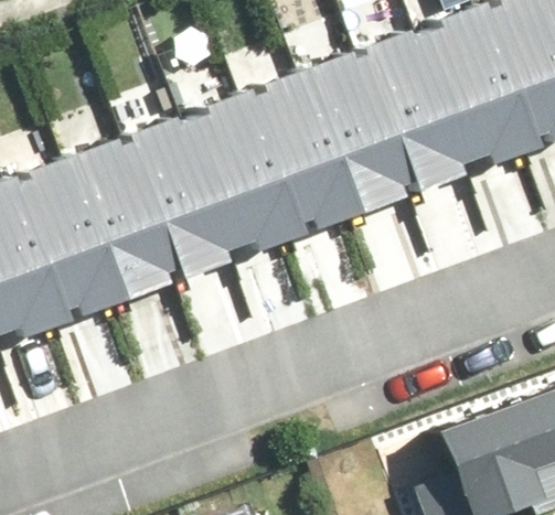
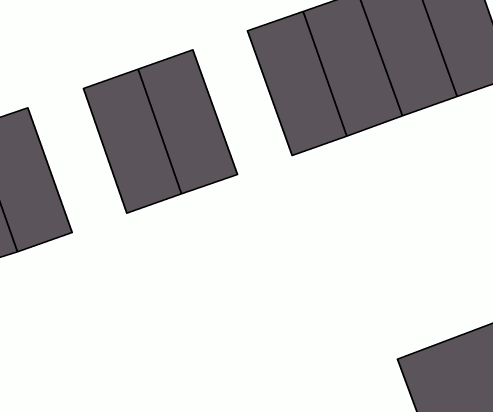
building: [223,77,331,234] -> none
building: [43,140,151,297] -> none

